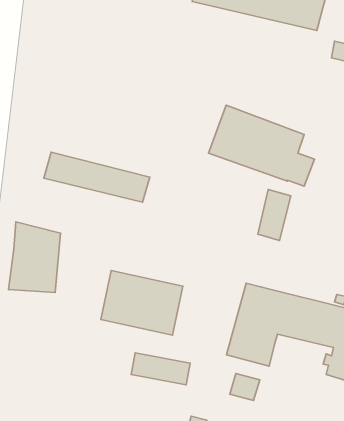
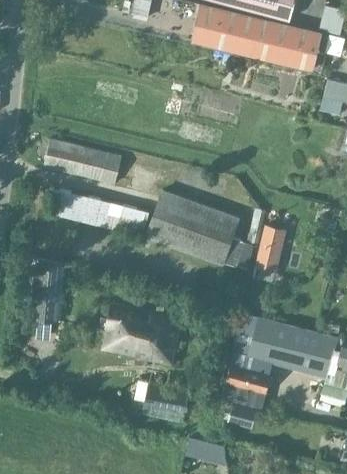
building: none -> [44,139,121,184]
building: [209,105,315,186] -> [146,192,248,270]

